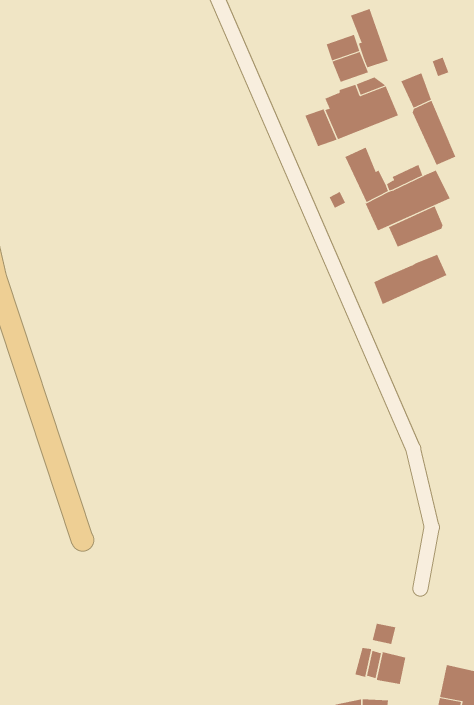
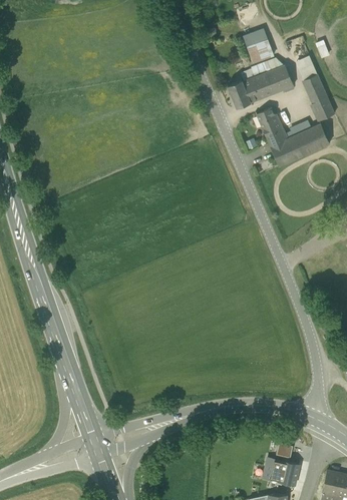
building: [350,8,389,68] -> none
building: [388,205,443,247] -> none
building: [373,253,447,305] -> none

